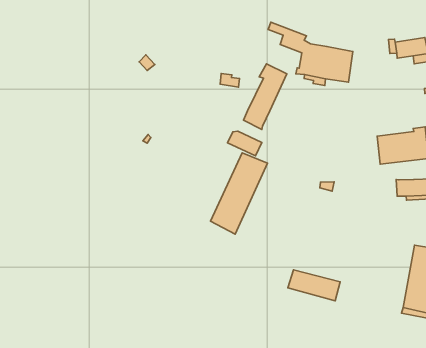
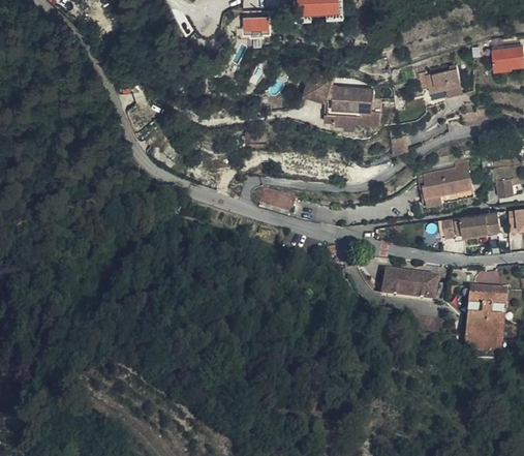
building: [244,64,287,129] -> none
building: [210,153,267,234] -> none
building: [288,270,340,301] -> [381,270,436,298]

